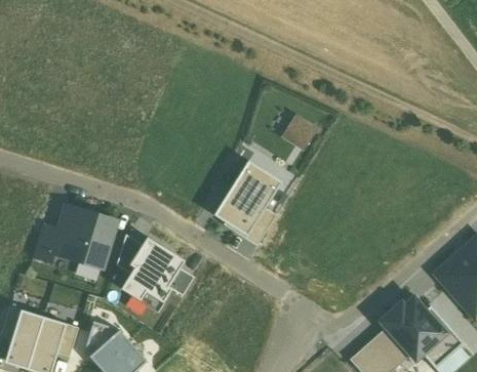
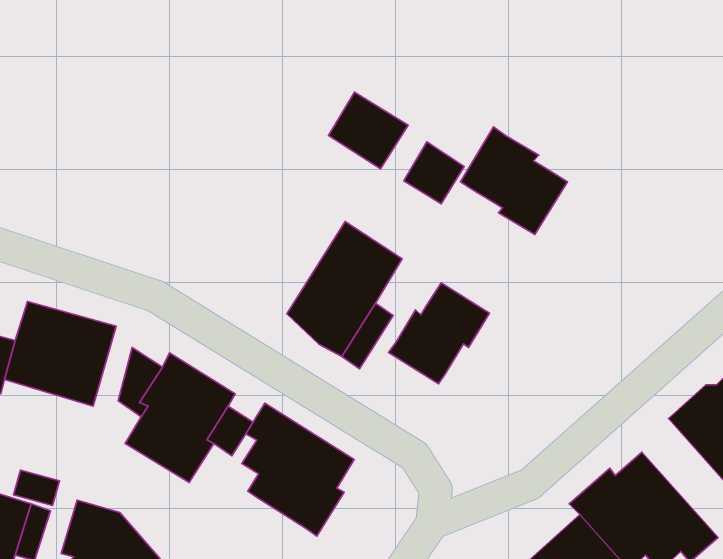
building: none -> [329,92,408,169]
building: none -> [460,127,568,235]
building: none -> [388,283,489,384]
building: none -> [242,403,354,536]

